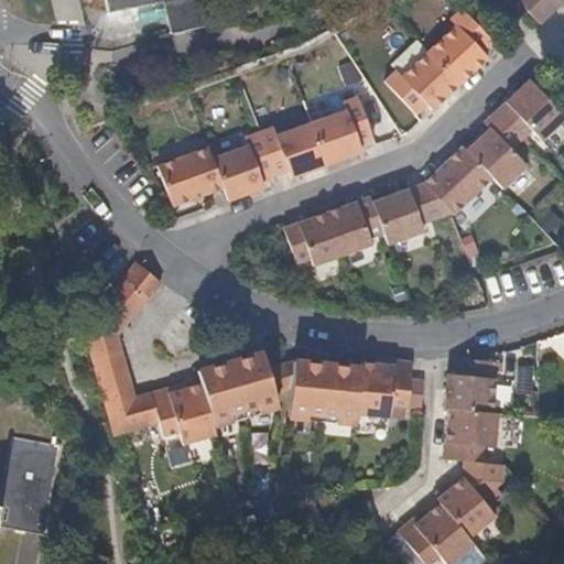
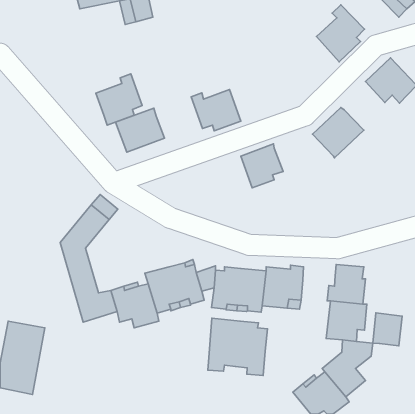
building: [386,39,460,113] -> none
building: [312,96,375,164] -> none
building: [467,110,528,187] -> none
building: [213,131,275,200] -> [96,74,142,125]
building: [372,182,453,243] -> none
building: [283,212,343,265] -> none
building: none -> [373,313,402,346]
building: none -> [208,318,267,375]

